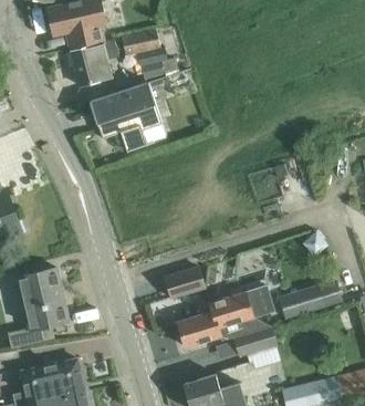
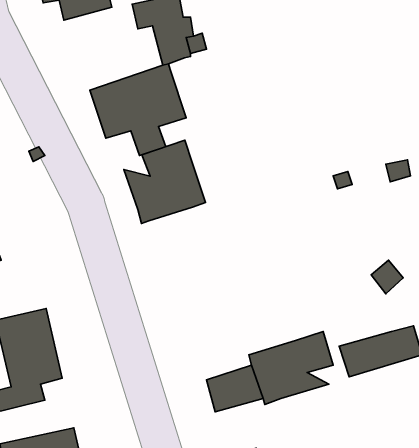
building: [70,39,117,85] -> none
building: none -> [124,140,206,224]
building: [164,267,204,298] -> none
building: [233,325,275,356] -> none

